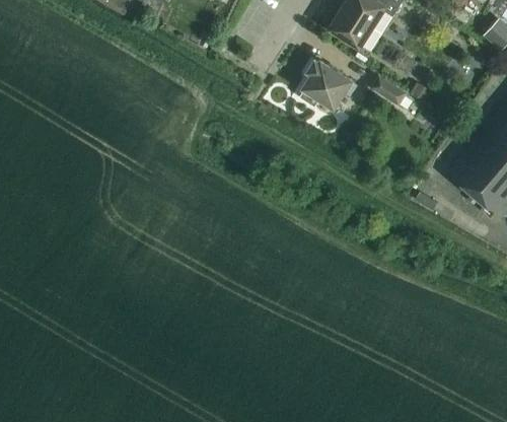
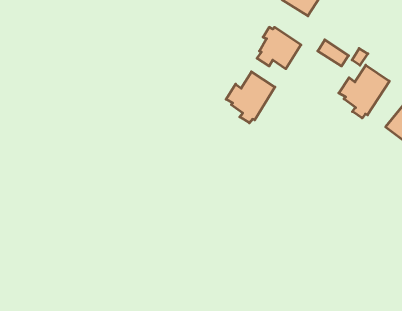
building: none -> [339,65,389,118]
building: none -> [226,72,275,123]

